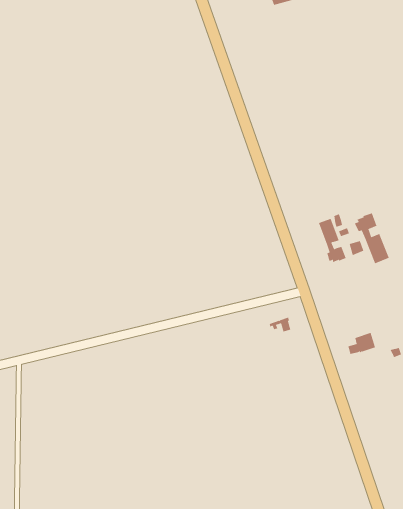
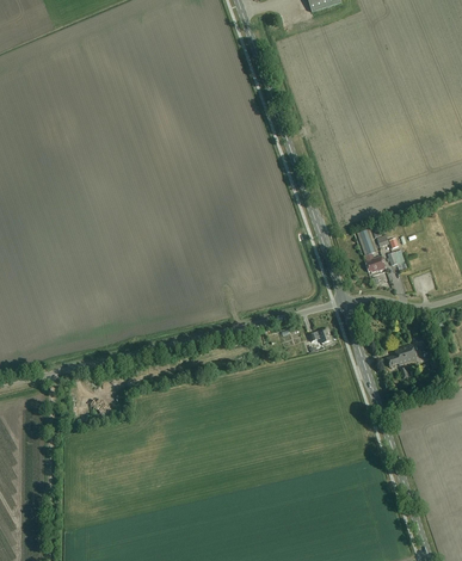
building: [354,213,390,264] -> none

